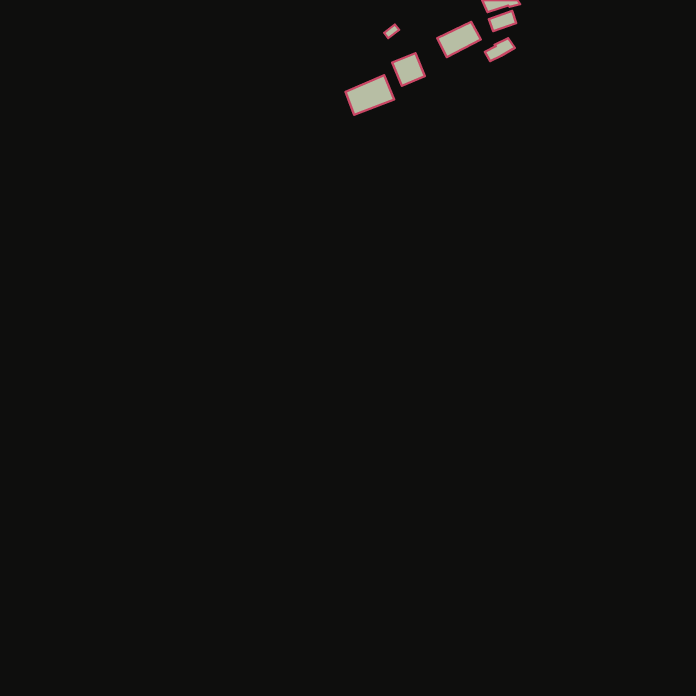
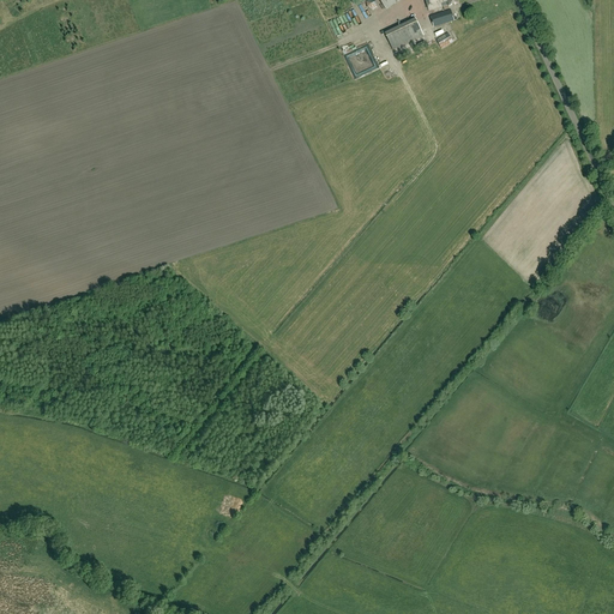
building: [346,75,394,115] -> none

